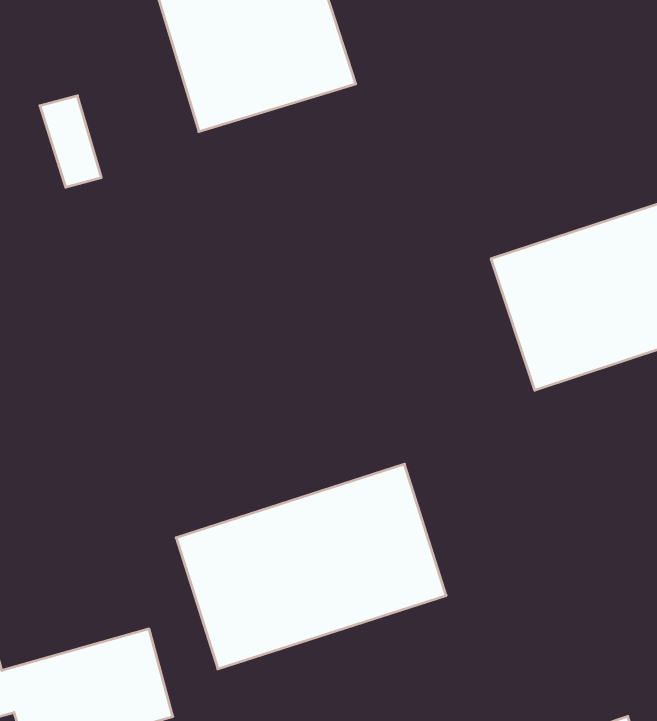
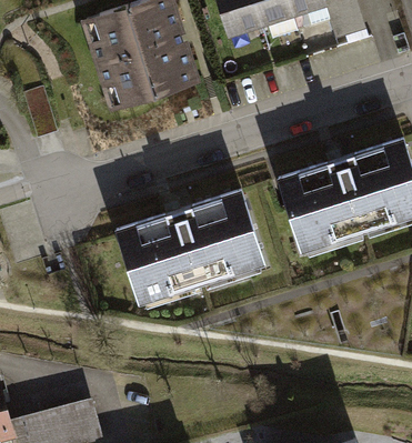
building: [176,464,446,669] -> [118,193,269,308]

